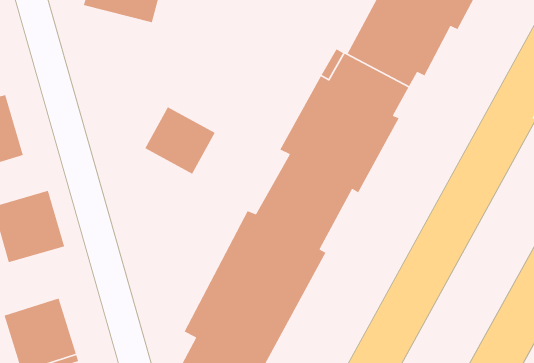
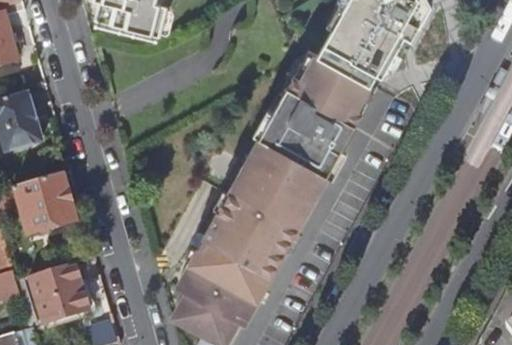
building: [144,106,216,175] -> none

